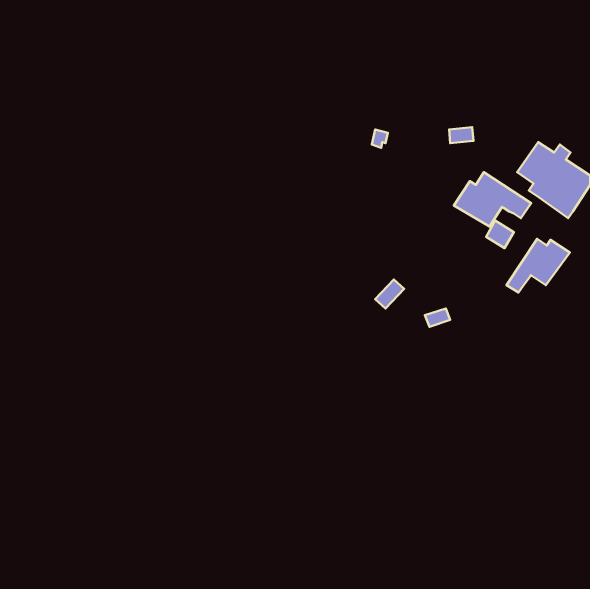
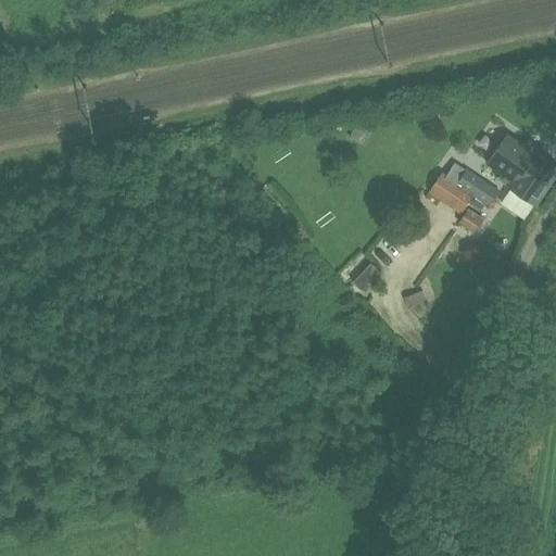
building: [506,239,570,293] -> none

